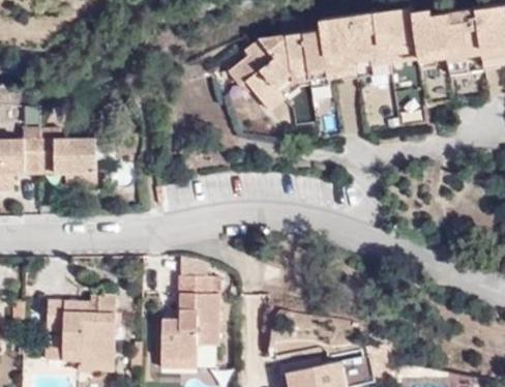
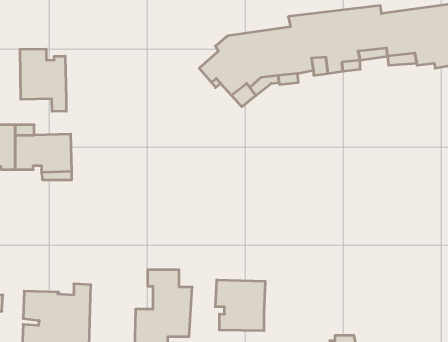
building: none -> [20,49,66,111]
building: none -> [215,280,265,331]

